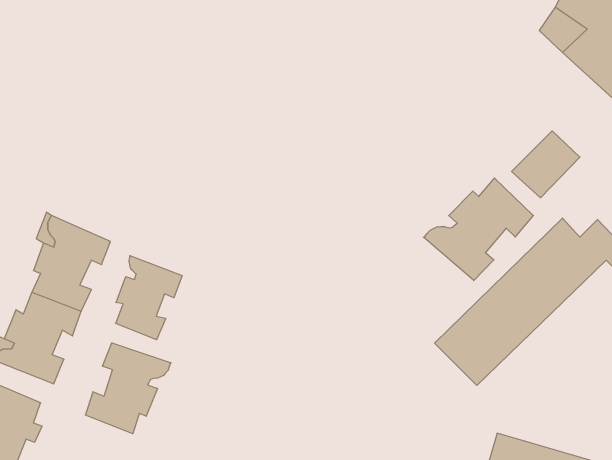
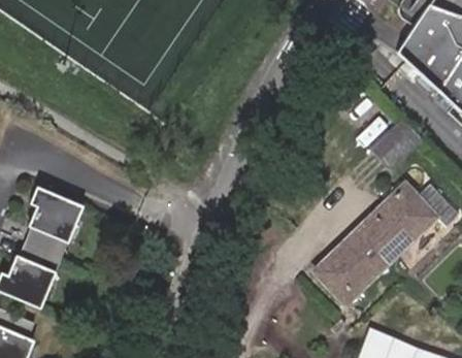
building: [423,178,533,281] -> none
building: [116,256,182,340] -> none
building: [86,343,171,434] -> none

